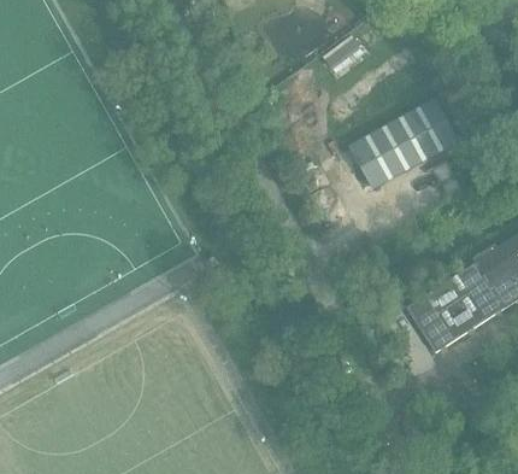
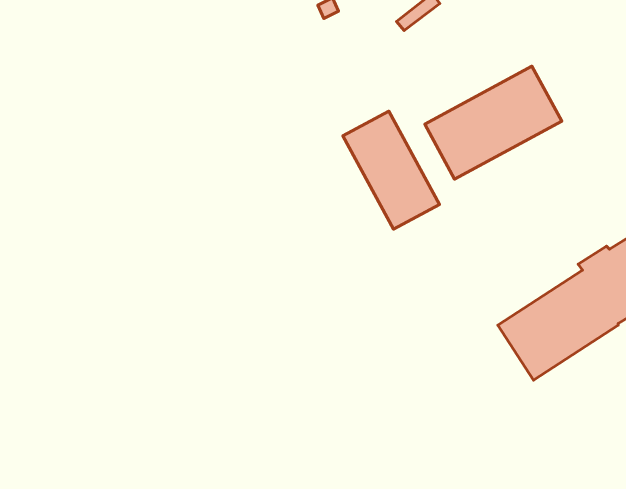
building: none -> [343,111,439,229]

